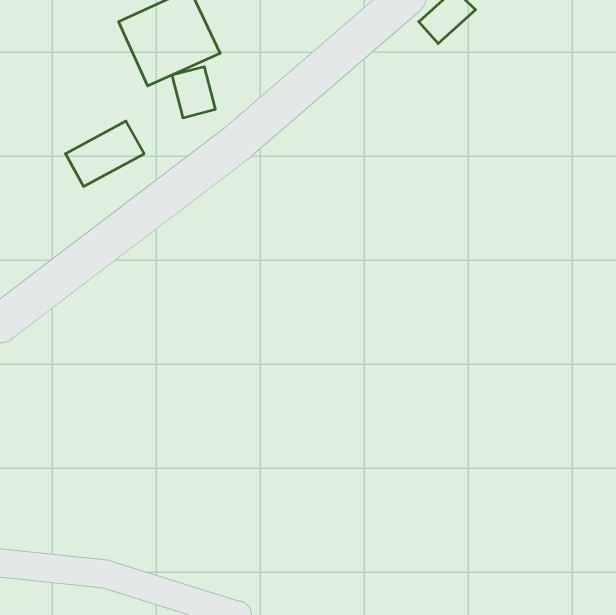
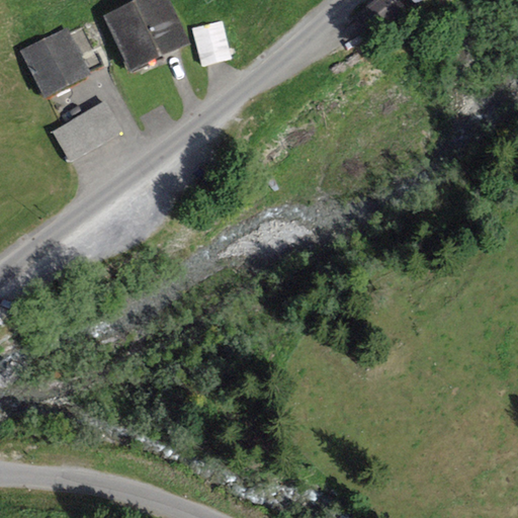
building: none -> [22,26,89,94]
building: [172,67,215,118] -> [195,19,232,62]

